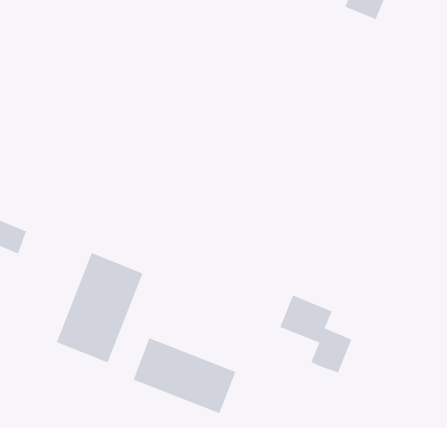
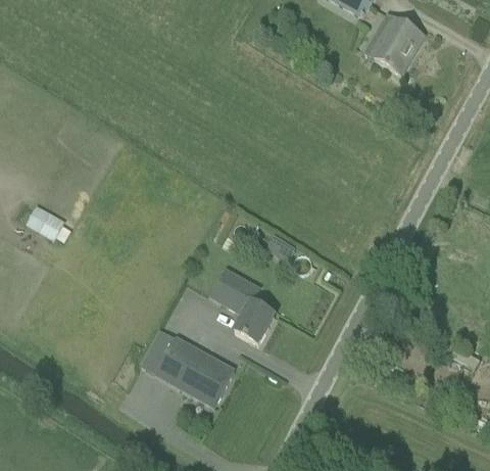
building: [56,252,143,363] -> none
building: [280,295,352,373] -> [210,268,274,343]

